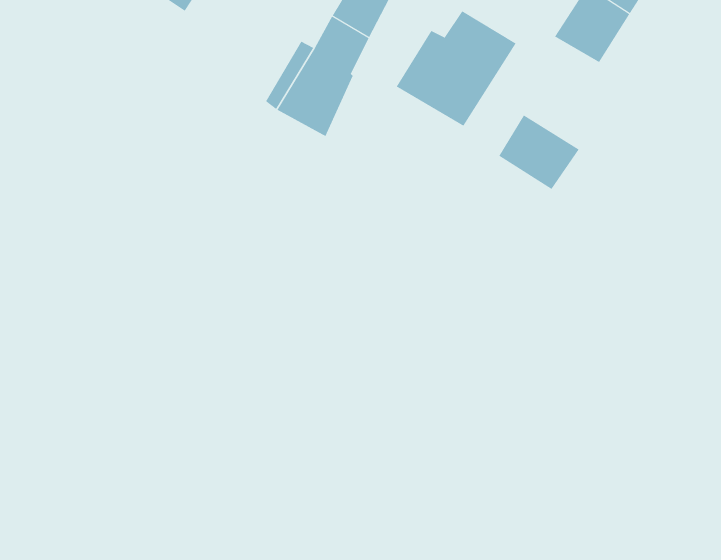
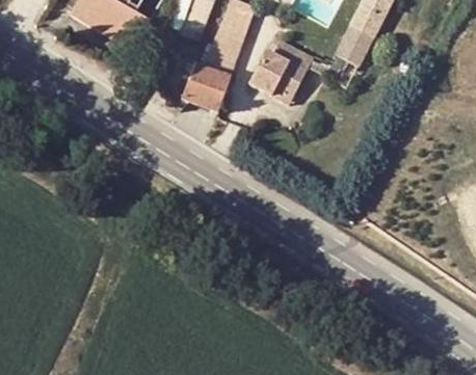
building: [499,115,580,190] -> none

